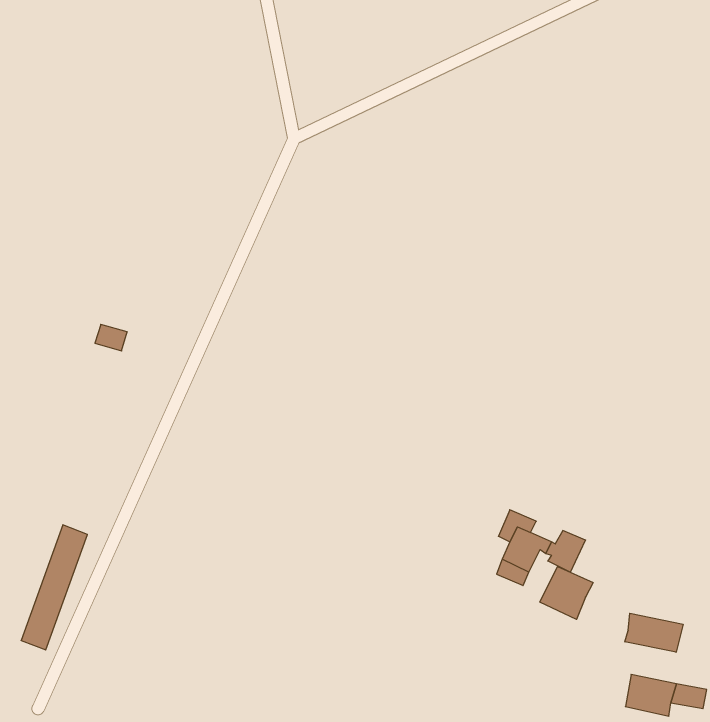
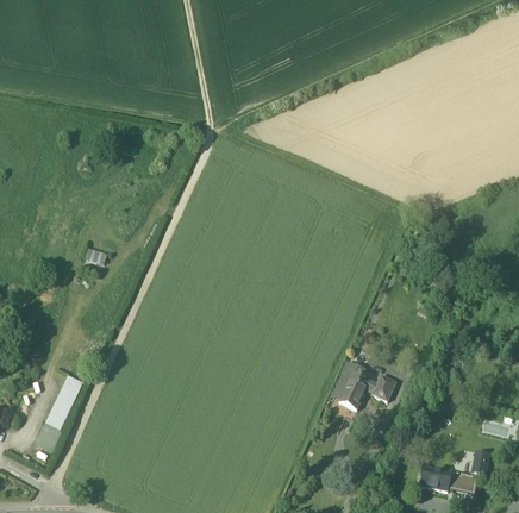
building: [540,566,593,619] -> none
building: [625,613,683,652] -> none

